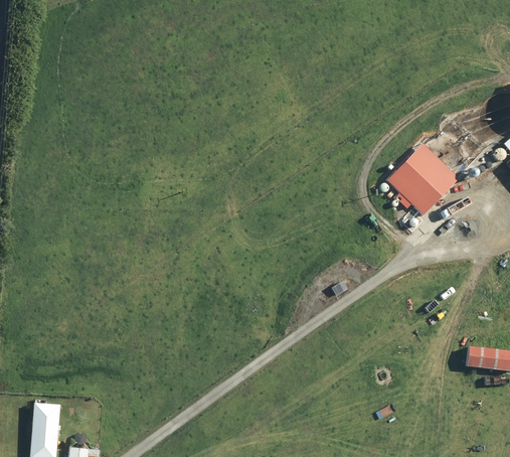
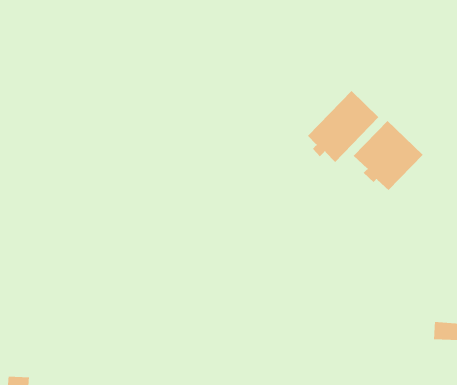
building: none -> [307,90,379,163]

